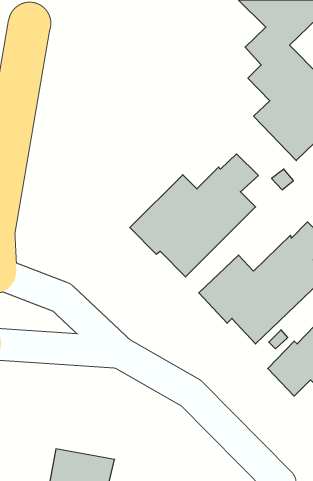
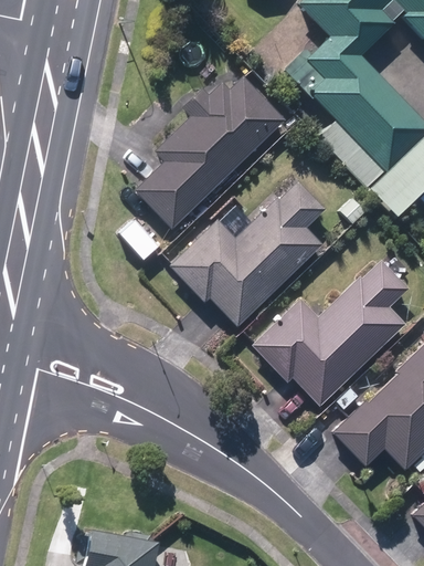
building: none -> [136,78,297,228]

